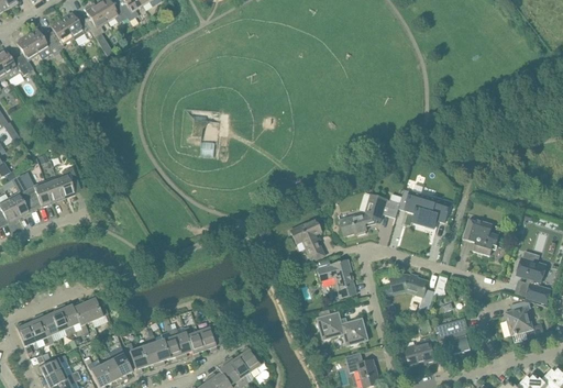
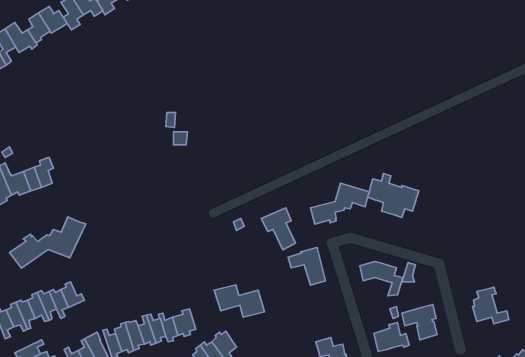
building: [463,219,498,255] -> none
building: none -> [10,217,86,268]
building: [517,257,550,302] -> none
building: [317,312,368,345] -> [214,285,265,317]

